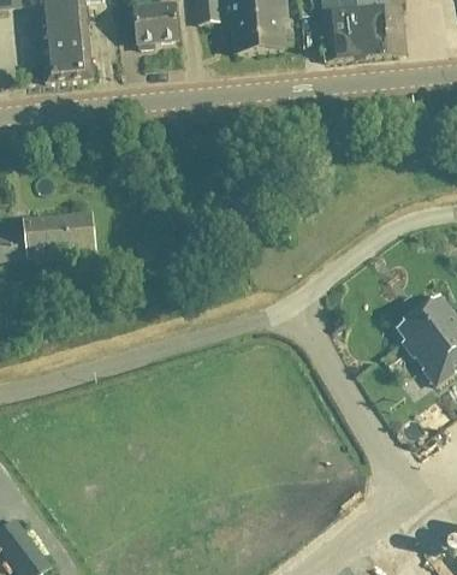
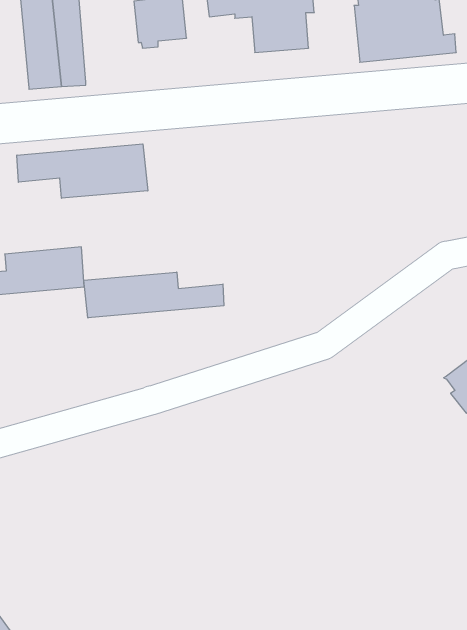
building: none -> [17,144,148,198]
building: none -> [84,272,224,318]

